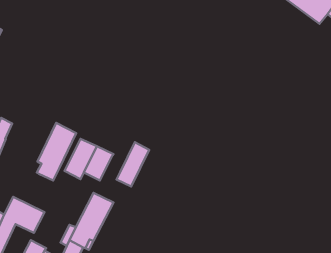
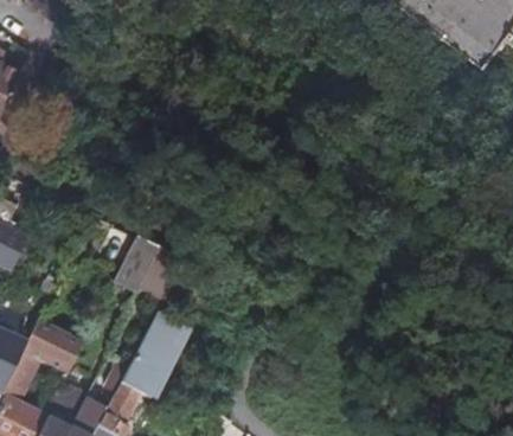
building: [37,123,76,181] -> none
building: [116,142,149,187] -> none

